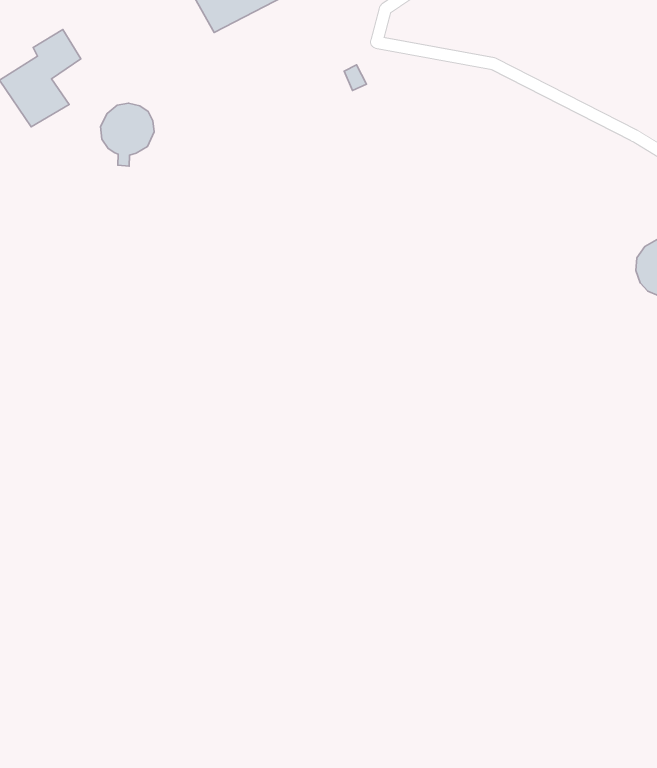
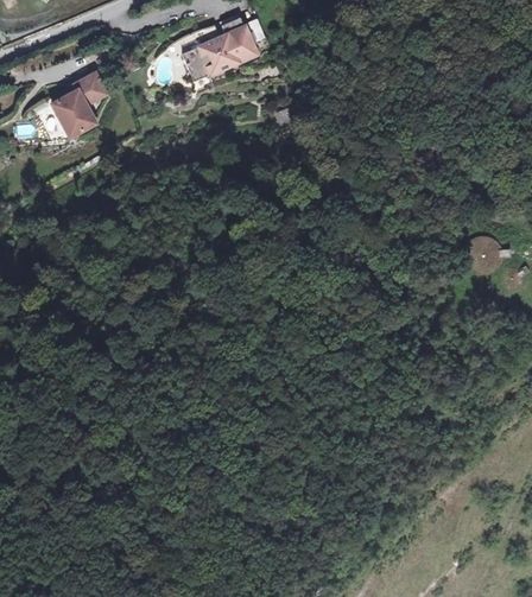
building: [100,103,154,166] -> none

